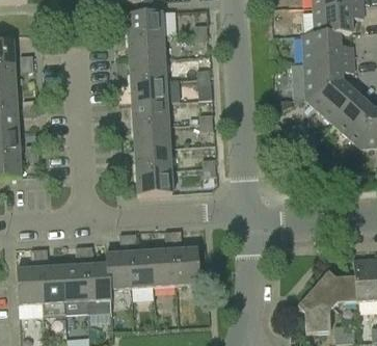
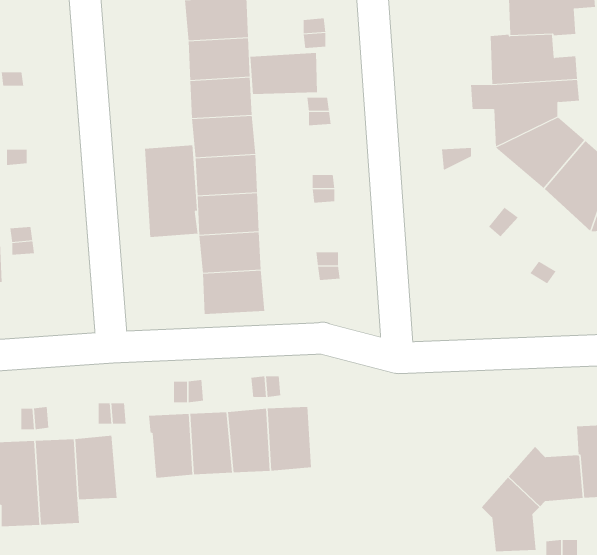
building: none -> [250,52,318,95]
building: none -> [144,144,198,238]
building: [85,263,112,313] -> none

